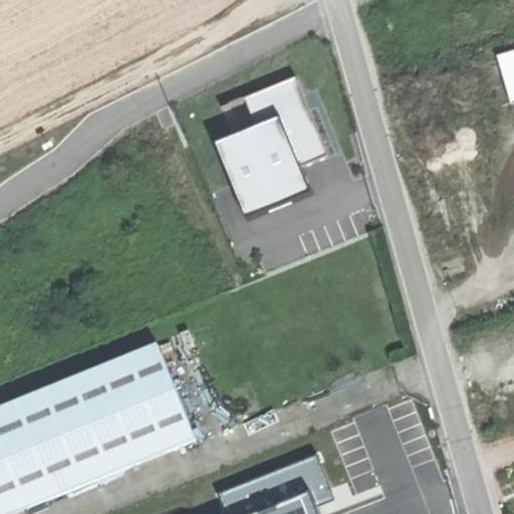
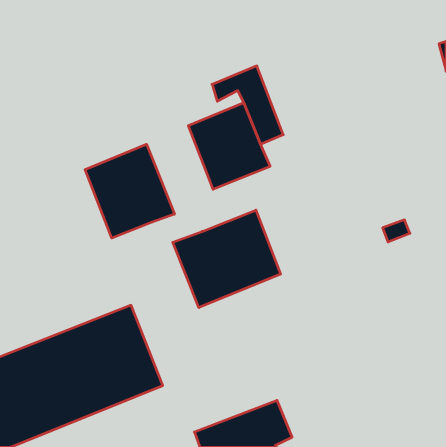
building: none -> [85,144,174,238]
building: none -> [173,210,281,308]

